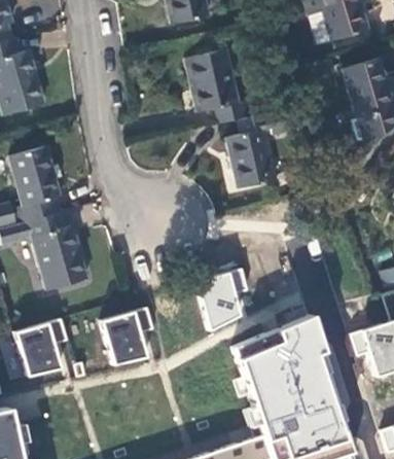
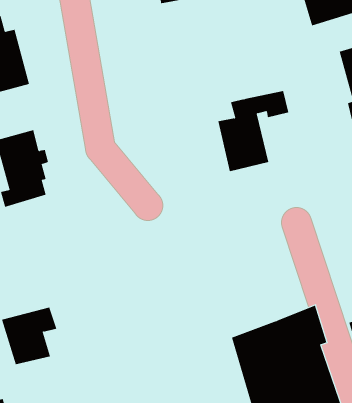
building: [184,49,250,122] -> none
building: [16,209,86,290] -> none
building: [192,269,246,331] -> none
building: [97,308,151,365] -> none

